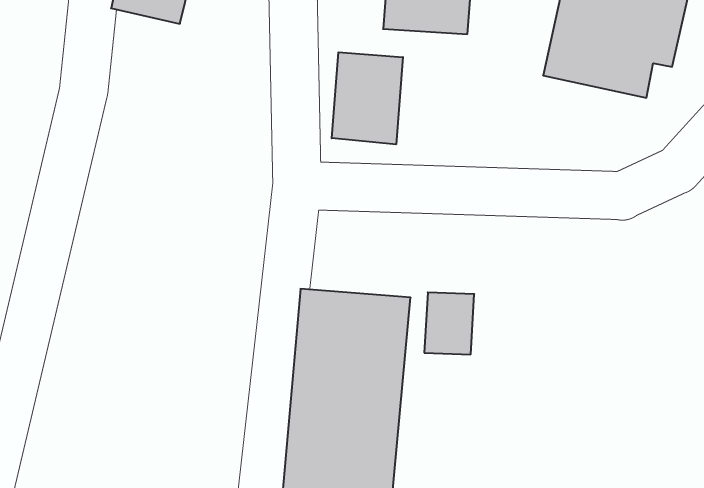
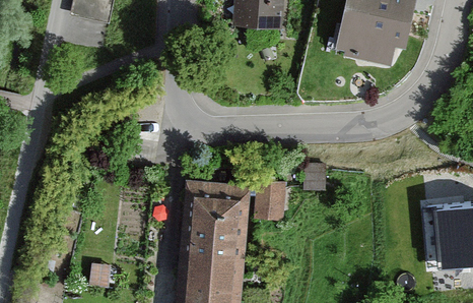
building: [332,52,403,144] -> none

